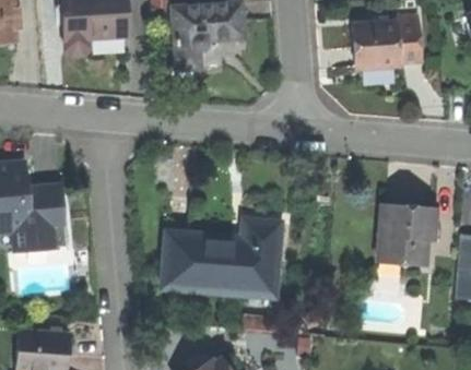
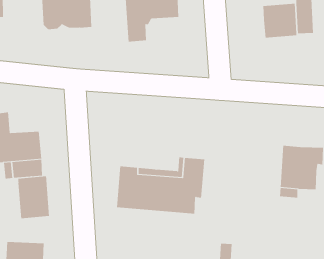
building: none -> [18,176,50,219]

